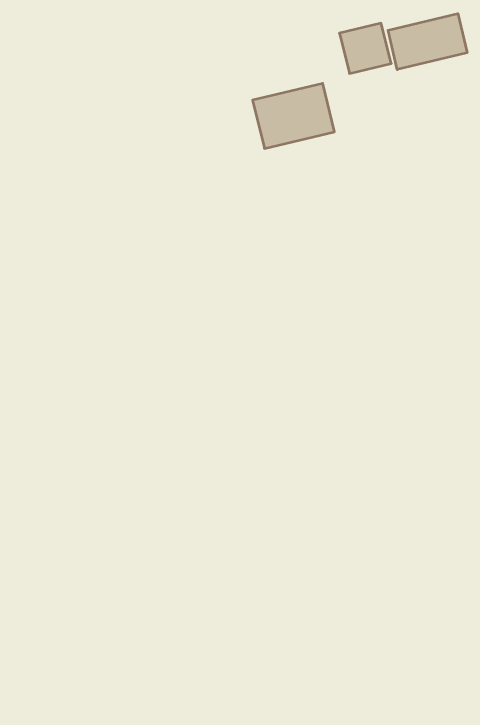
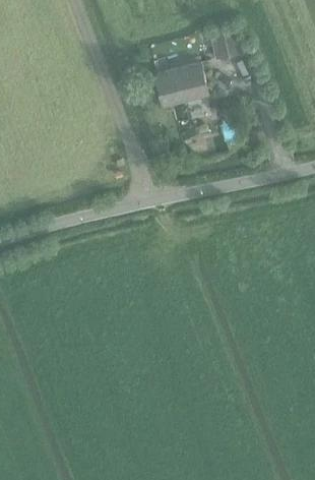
building: [388,14,467,70] -> none

